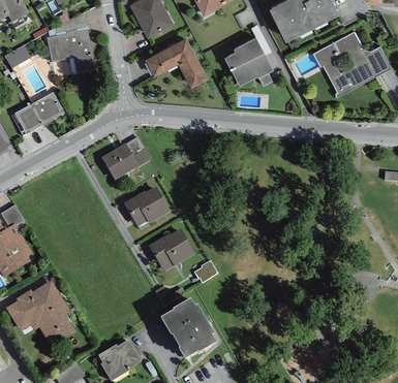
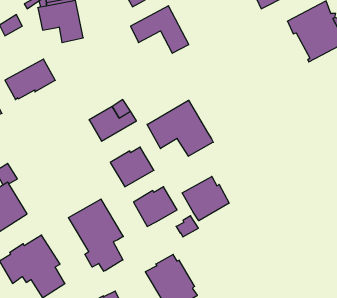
building: [224,35,273,84] -> none
building: none -> [147,100,213,156]
building: none -> [182,176,229,221]
building: none -> [68,199,123,271]

